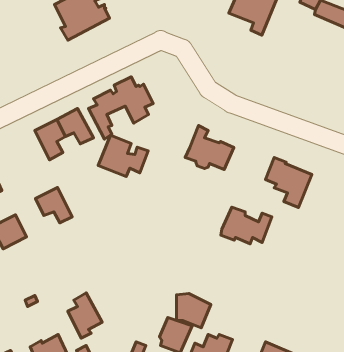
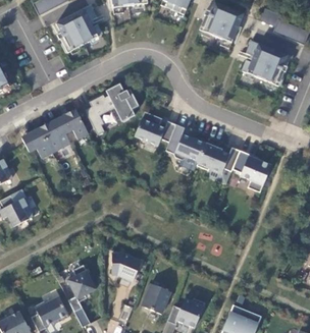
building: none -> [243,40,288,86]
building: [98,135,148,177] -> [135,110,176,145]
building: [35,187,72,223] -> [21,127,52,157]
building: [221,207,272,244] -> [197,142,240,172]
building: [177,294,211,328] -> [112,252,141,280]

